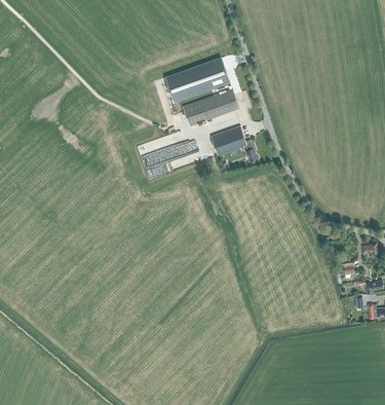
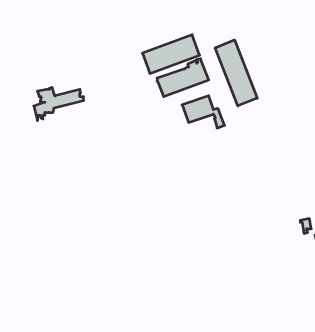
building: none -> [215,40,257,106]
building: [143,138,198,175] -> [34,88,84,121]

